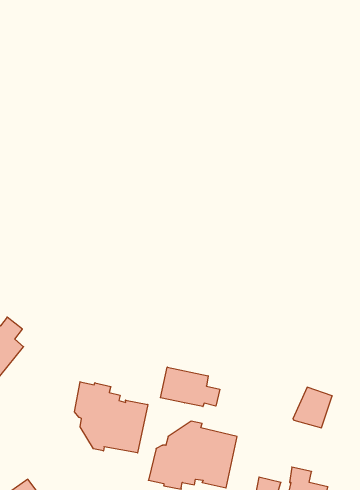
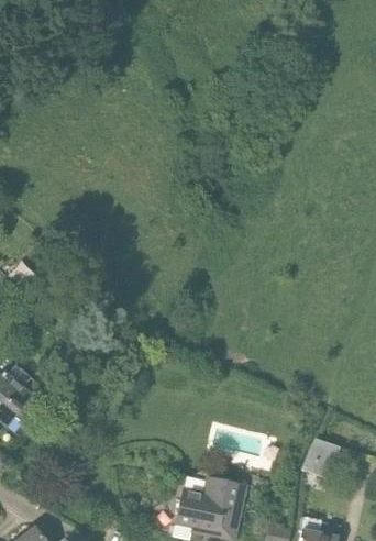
building: [160,367,220,407] -> none
building: [75,382,148,453] -> none

